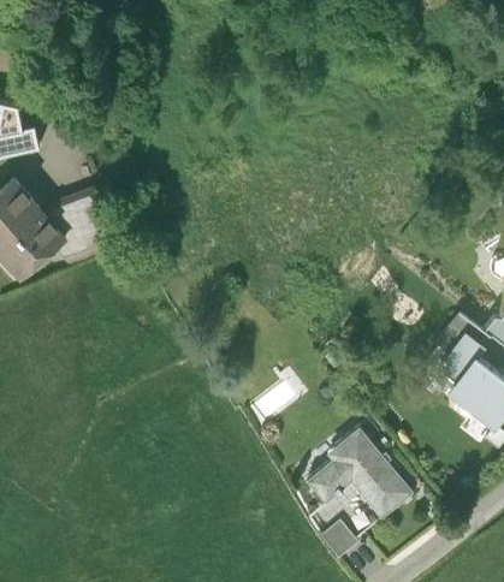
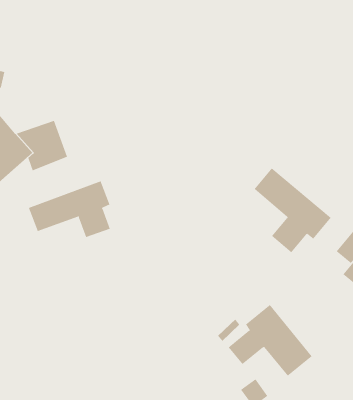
building: none -> [254,167,331,253]
building: none -> [28,181,110,238]

